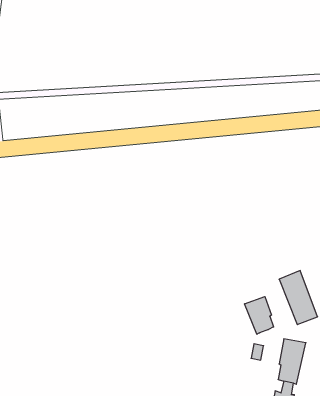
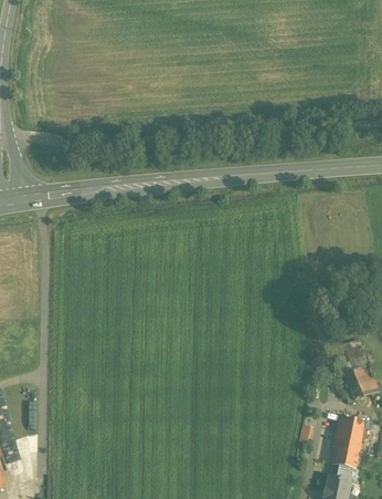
building: [245,297,274,334] -> none

